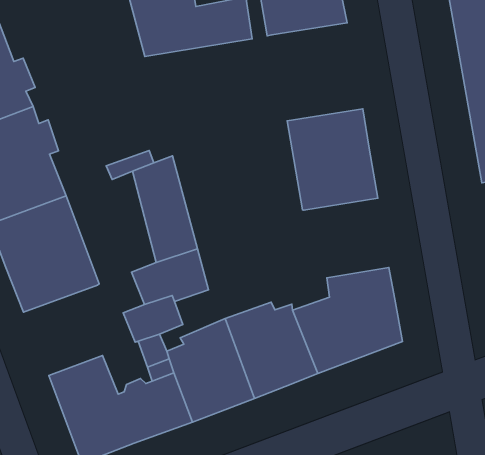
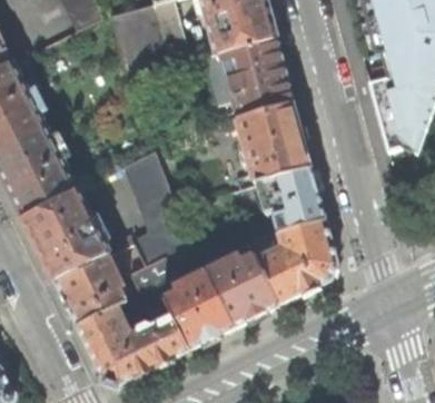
building: none -> [220,37,294,115]
building: none -> [257,166,325,229]
building: none -> [55,252,127,323]

